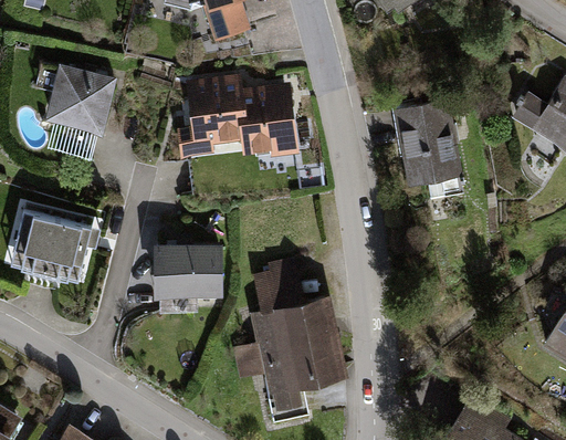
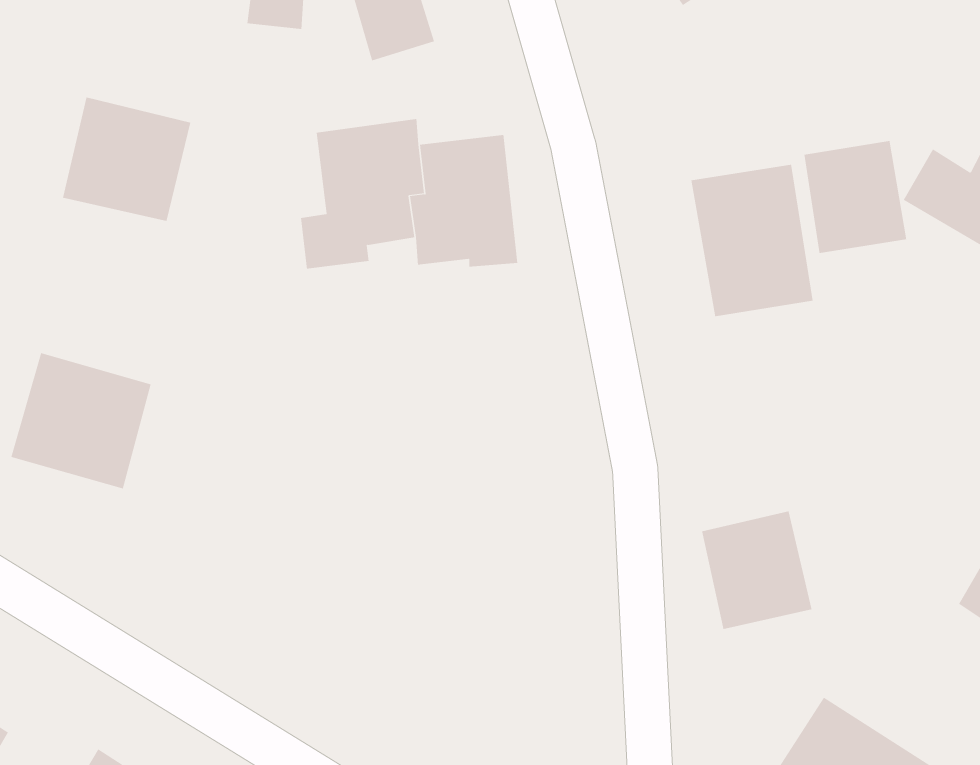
building: none -> [804,140,907,254]
building: [153,243,224,313] -> none
building: [233,256,347,422] -> none
building: none -> [702,511,812,630]

